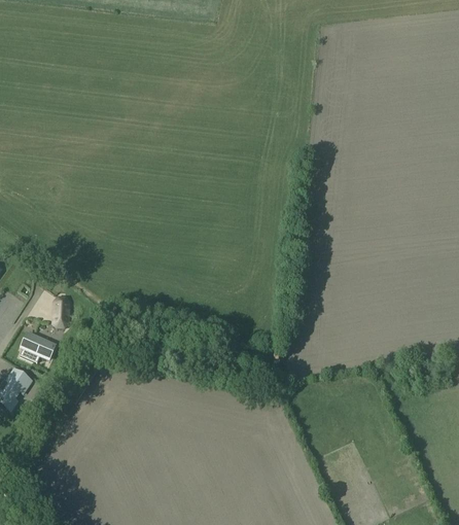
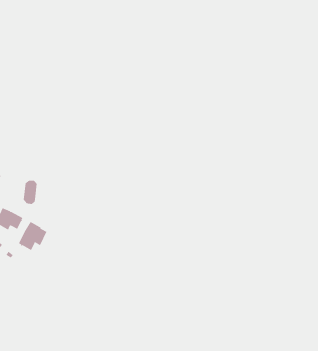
building: none -> [18,221,47,251]

